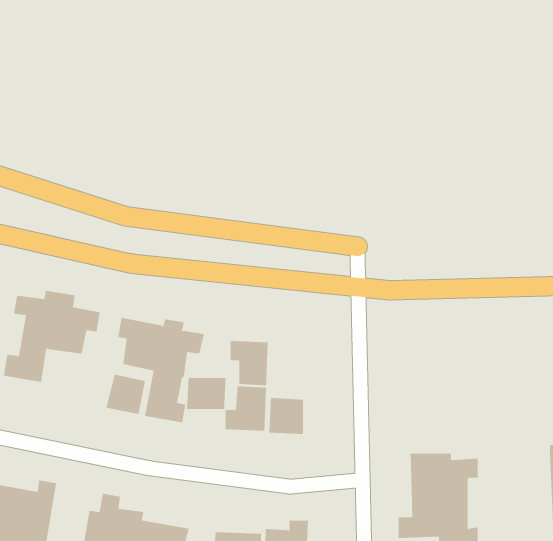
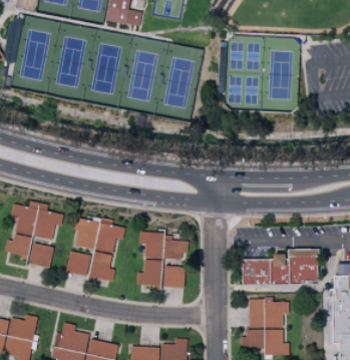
building: none -> [29,244,54,268]
building: none -> [243,250,320,287]
building: [186,378,226,410] -> [163,241,188,260]

